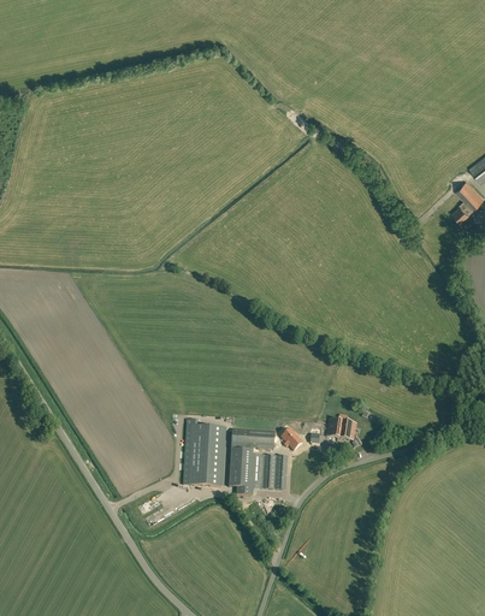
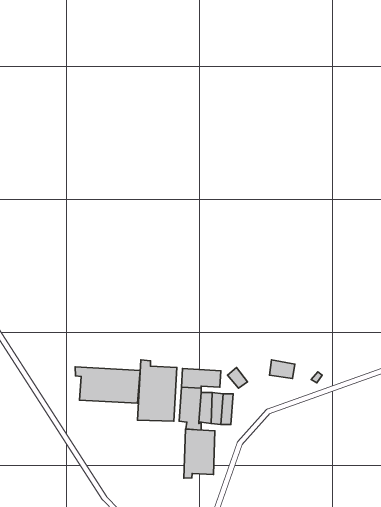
building: none -> [75,367,140,403]
building: none -> [184,429,215,478]

